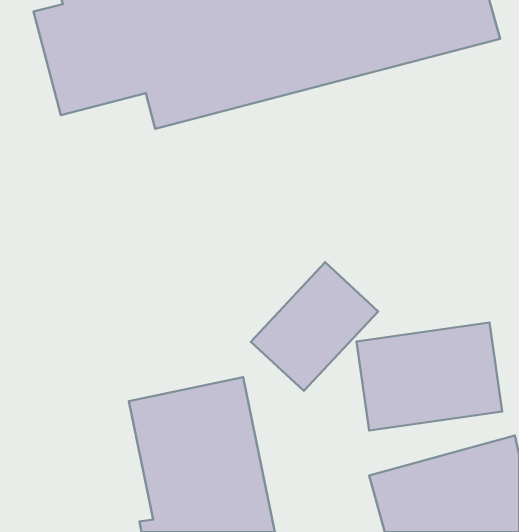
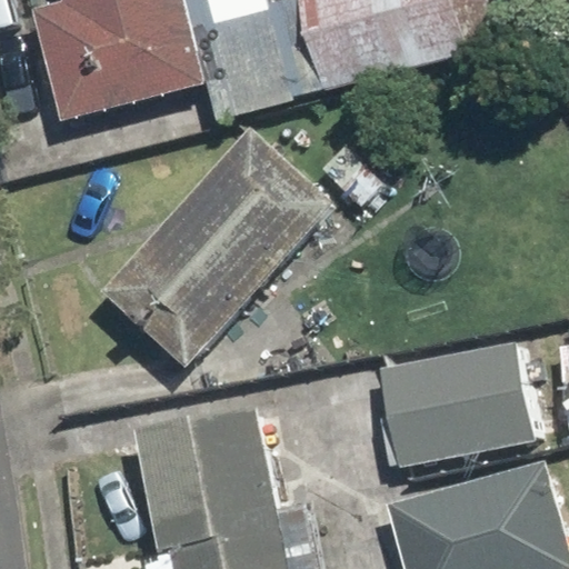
building: none -> [111,132,338,365]
building: [251,262,378,391] -> none

